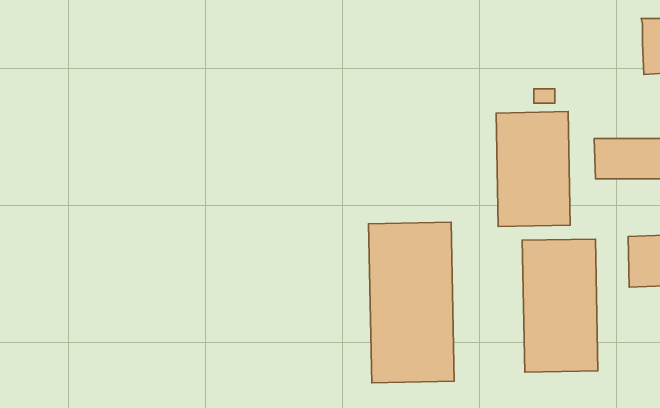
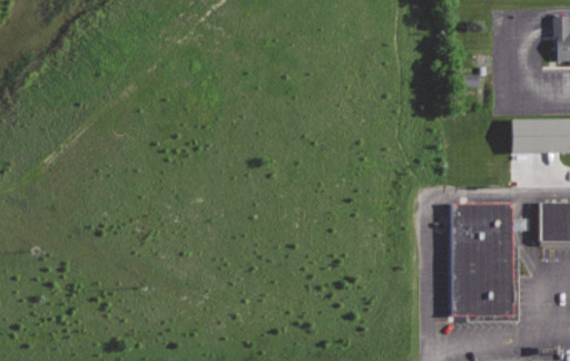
building: [496,112,570,227] -> none
building: [369,222,454,383] -> none

